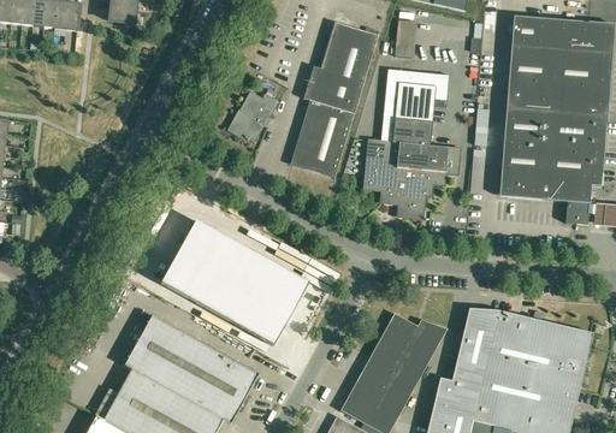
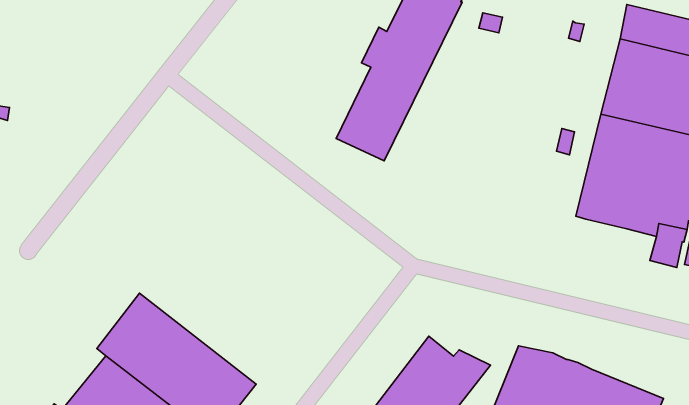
building: [363,67,458,218] -> none
building: [236,90,279,142] -> none
building: [161,220,308,345] -> none

